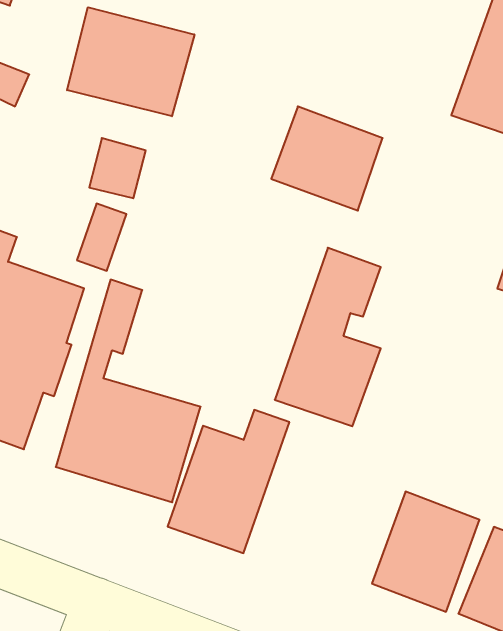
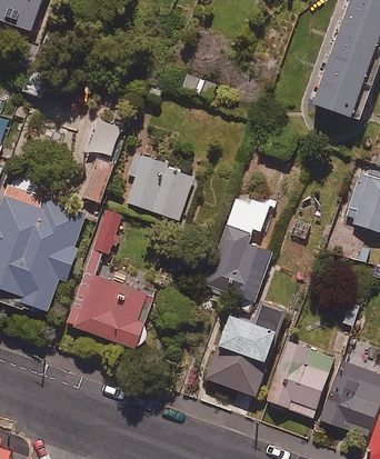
building: [67,7,194,116] -> none
building: [271,106,383,211] -> [123,154,193,220]
building: [168,410,289,553] -> [208,306,284,396]

